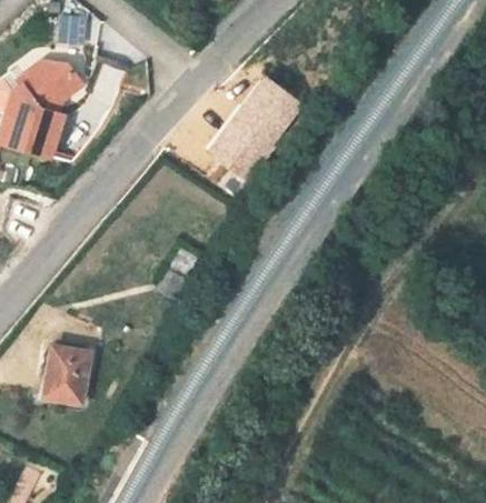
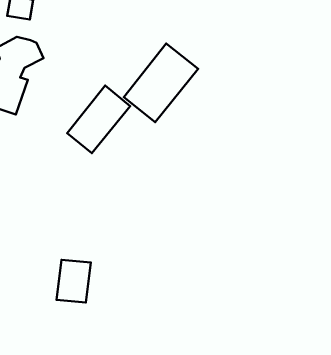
building: none -> [67,86,130,153]
building: [44,353,89,408] -> [56,260,91,302]

